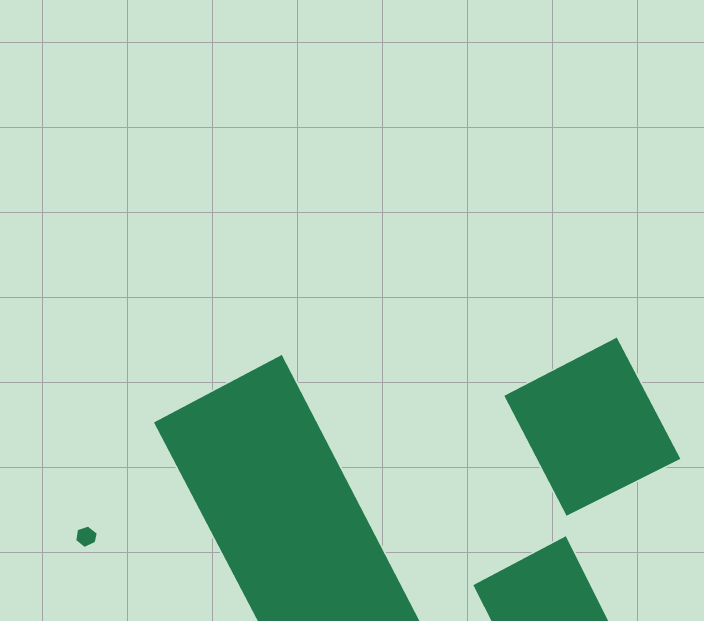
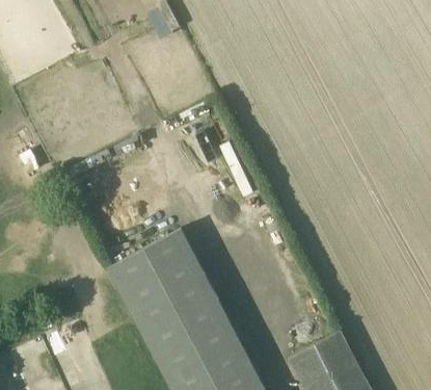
building: [503,336,682,517] -> none

